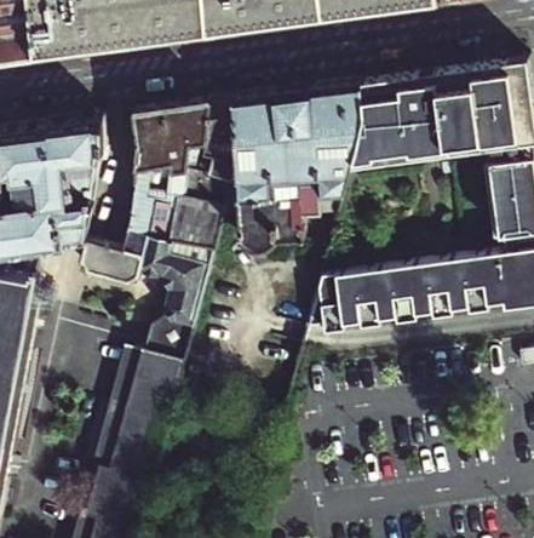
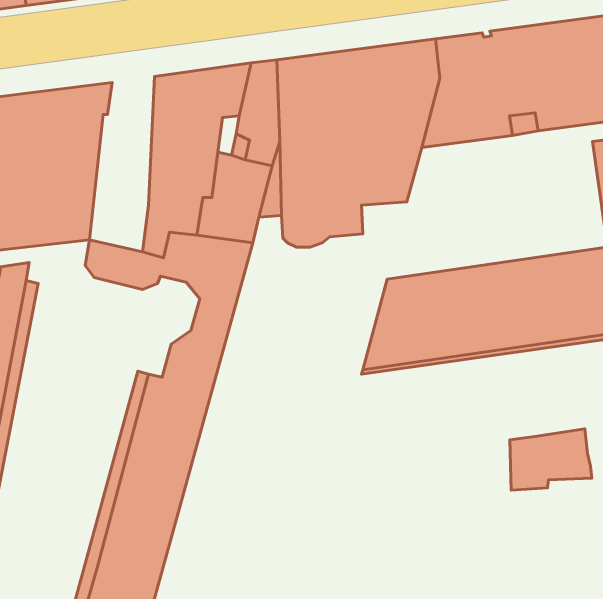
building: none -> [510,429,592,490]

